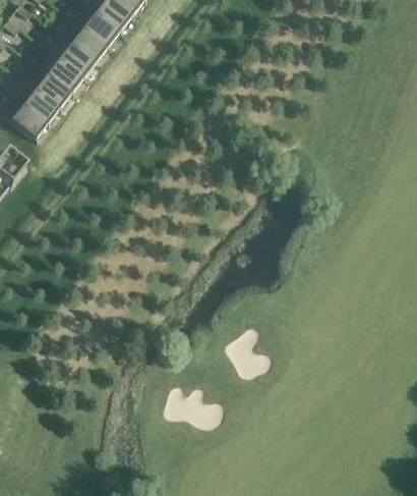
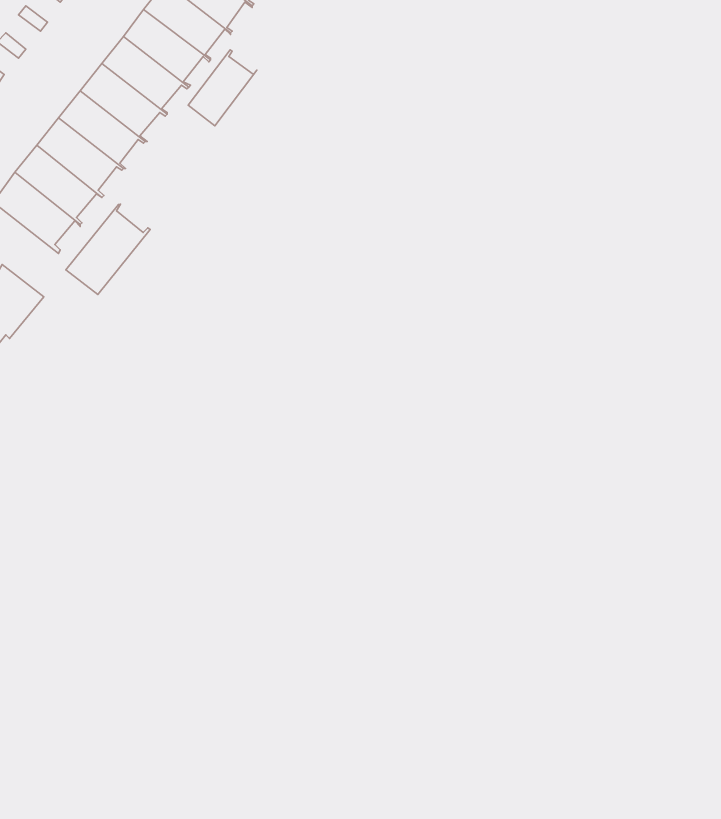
building: none -> [188,50,257,126]
building: none -> [66,204,150,295]

